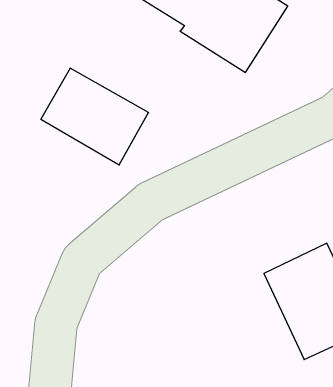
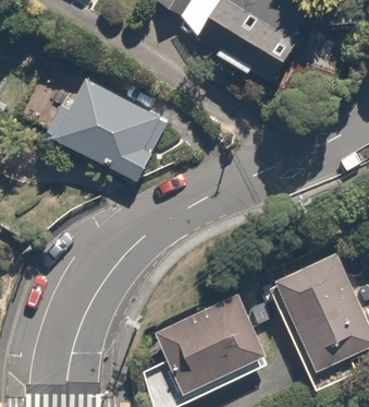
building: none -> [151,290,269,393]

